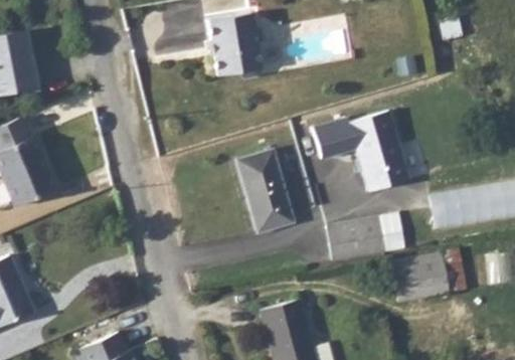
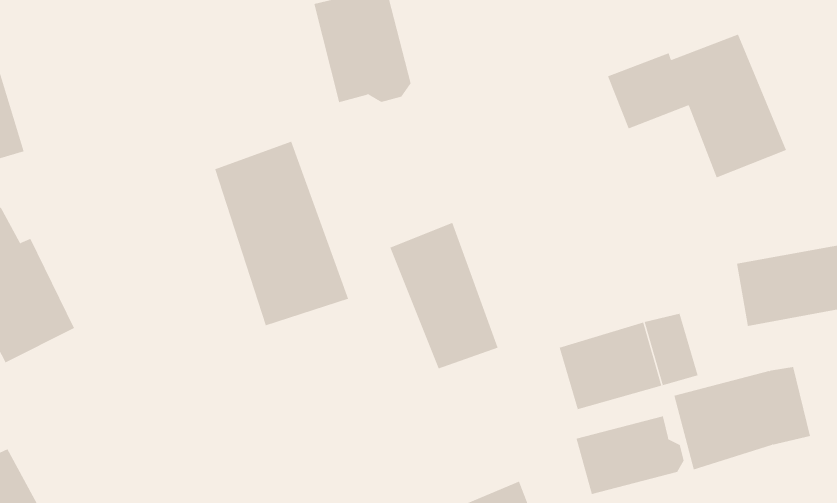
building: none -> [215,141,349,326]
building: [312,113,409,193] -> [607,34,787,178]
building: none -> [576,415,684,495]

